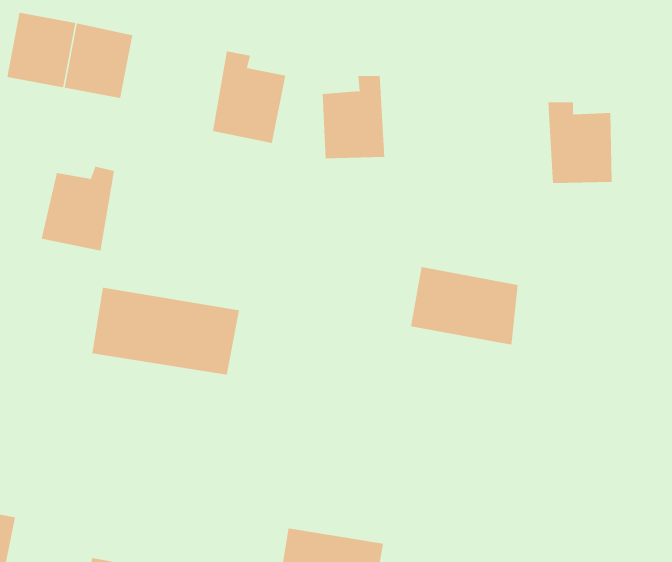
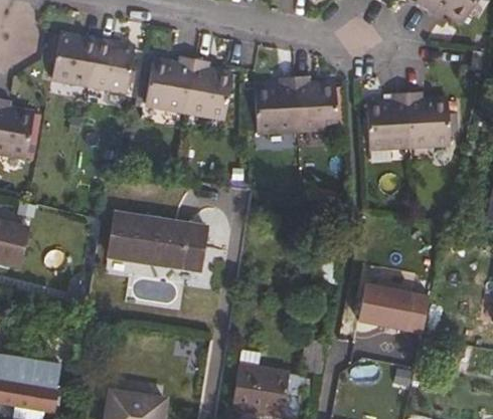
building: none -> [296,74,340,129]
building: none -> [365,92,407,148]
building: [41,166,115,251] -> [147,56,195,112]
building: [410,266,518,345] -> [358,288,429,340]

